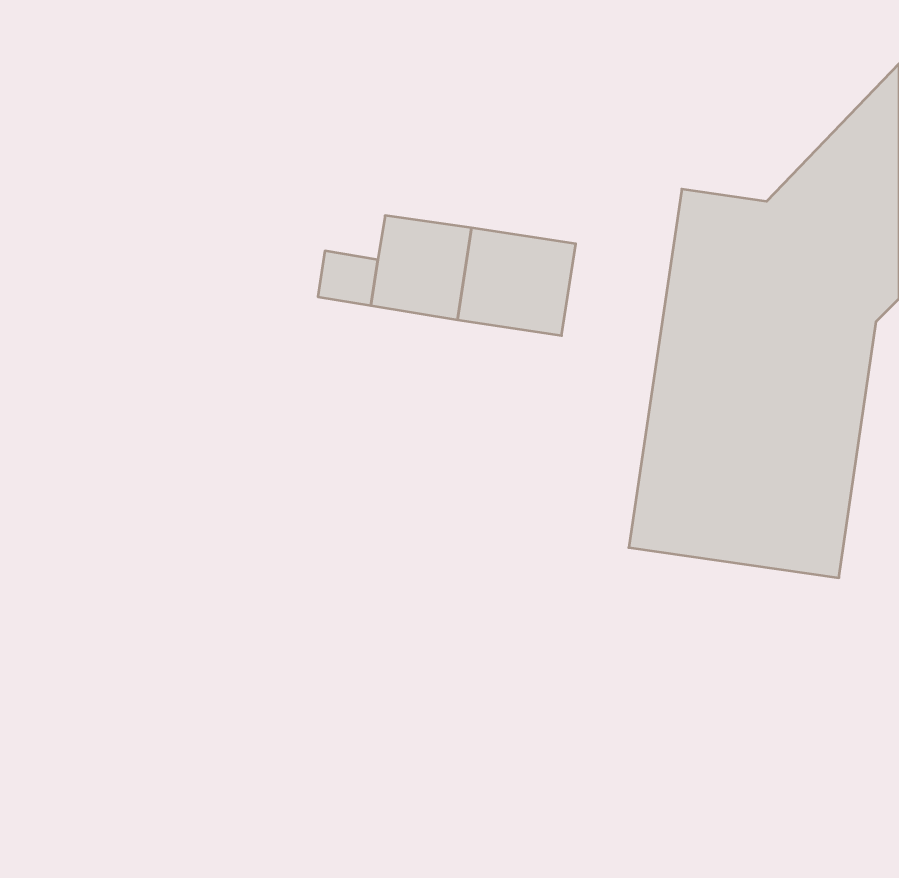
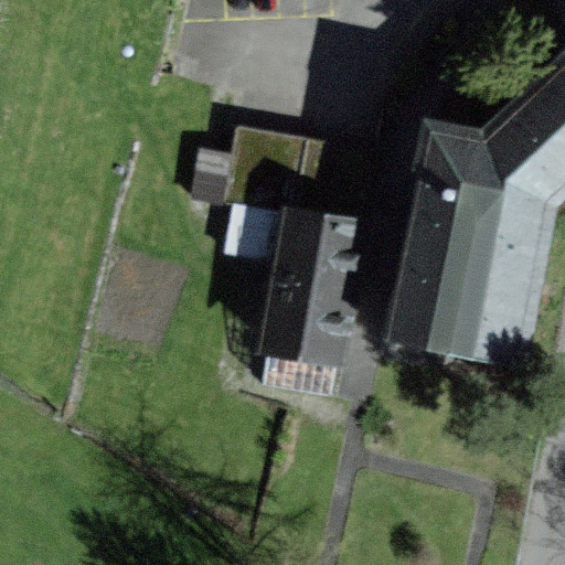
building: none -> [267,231,372,375]

